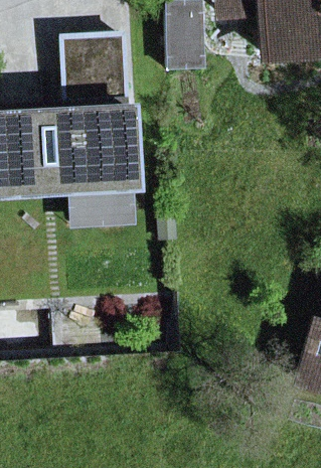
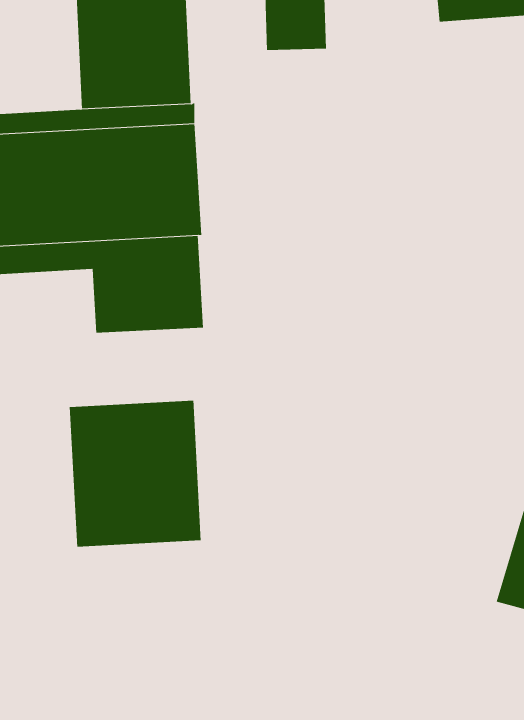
building: none -> [69,400,201,547]

